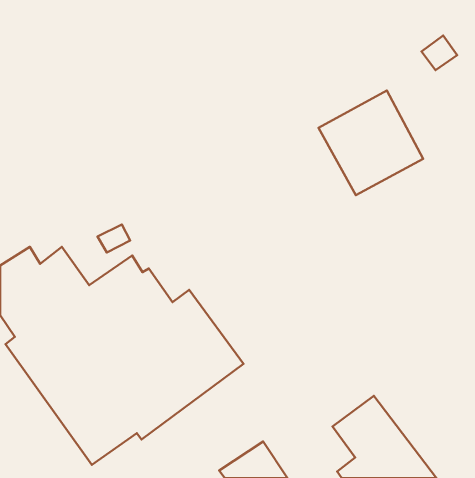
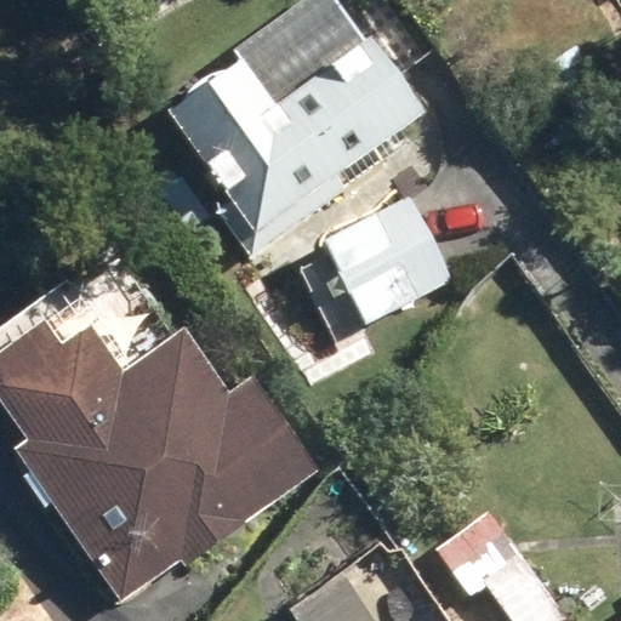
building: none -> [166,38,425,233]
building: [318,90,423,195] -> [319,190,455,326]

